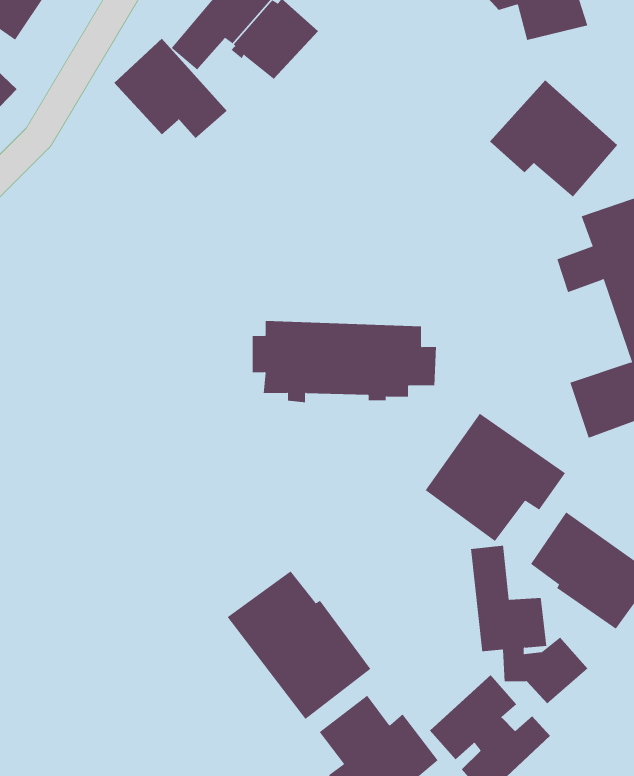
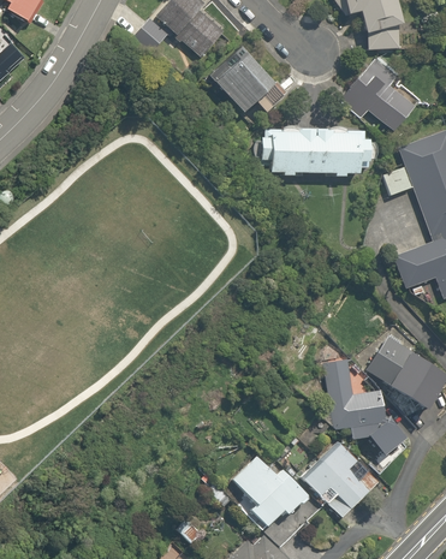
building: none -> [369,30,408,49]
building: [113,38,227,139] -> [209,49,283,114]
building: [252,320,437,403] -> [256,125,375,178]
building: [425,413,566,542] -> none
building: [227,570,371,720] -> none

